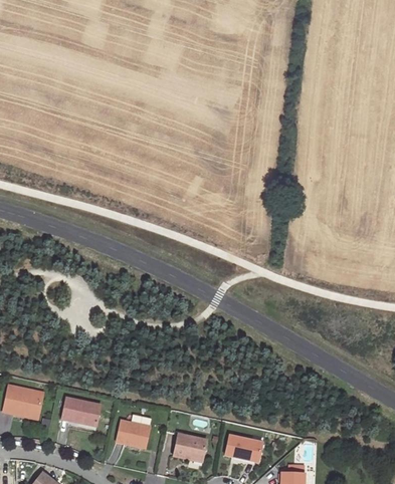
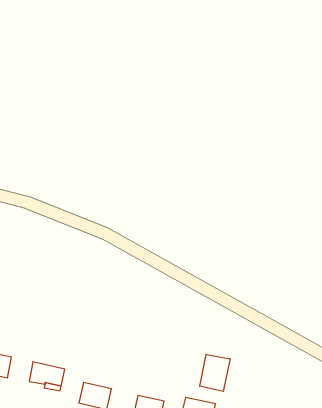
building: none -> [200,354,230,391]

